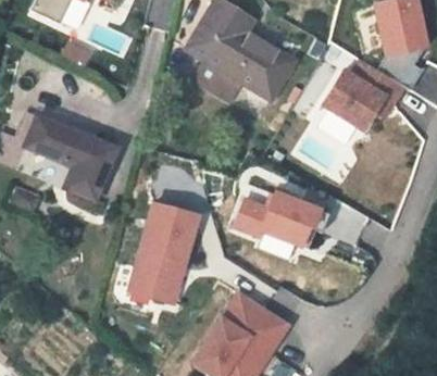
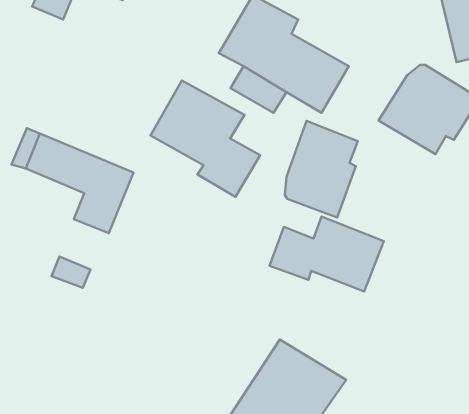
building: none -> [150,80,260,197]
building: none -> [285,121,358,217]
building: [126,201,202,305] -> none

